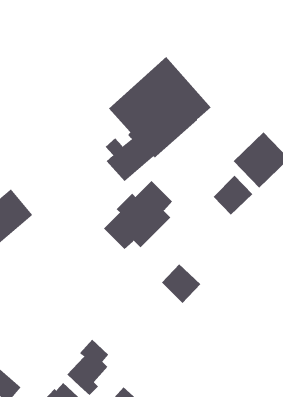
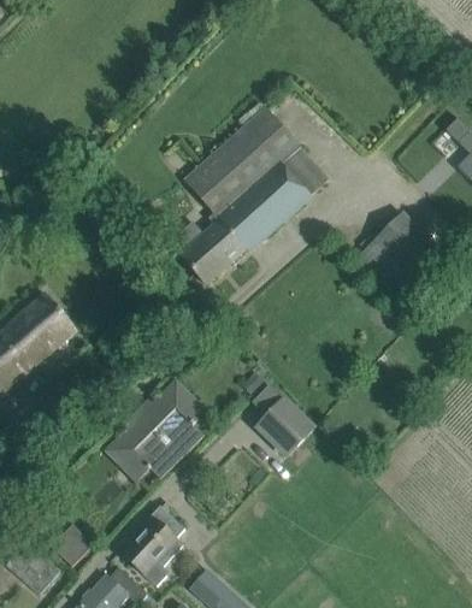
building: [213,175,253,215] -> none
building: [103,180,173,250] -> [106,382,205,480]
building: none -> [51,524,93,566]

